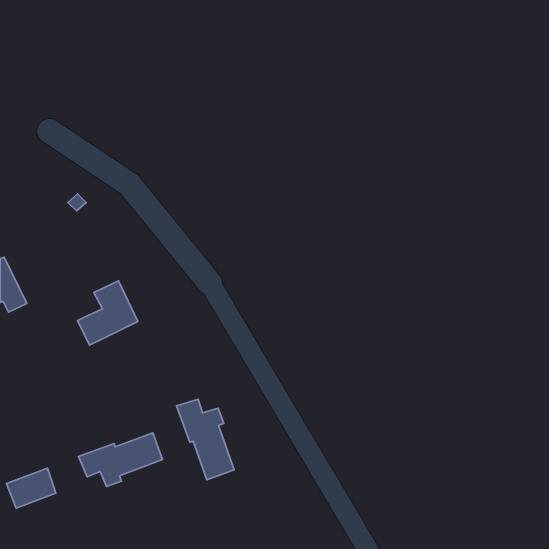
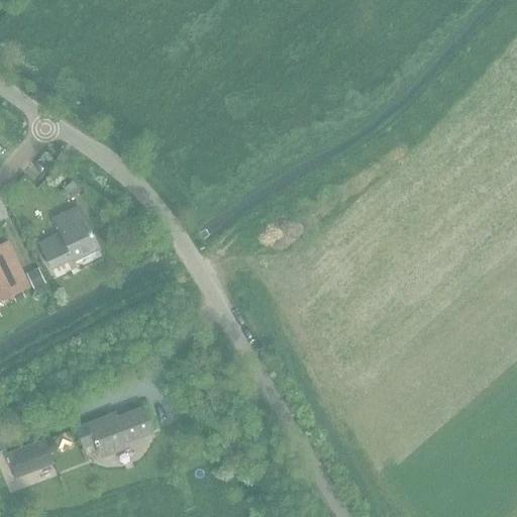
building: [78,281,138,345] -> [39,207,96,268]
building: [177,399,234,480] -> none

